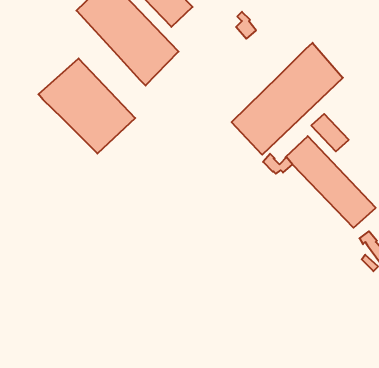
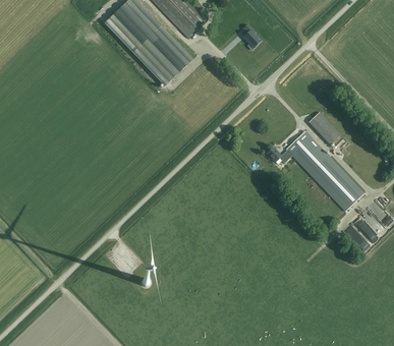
building: [232,43,343,155] -> none
building: [38,58,135,154] -> none

